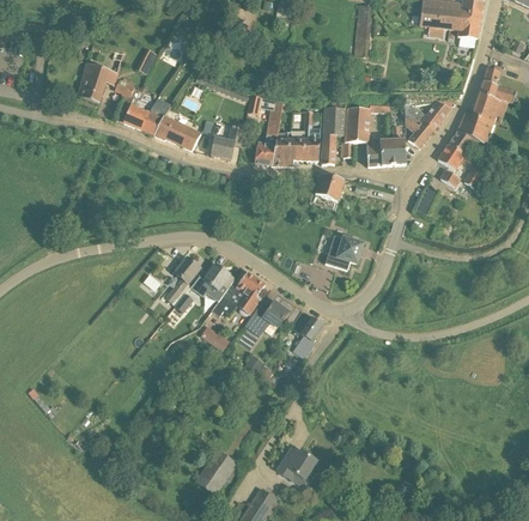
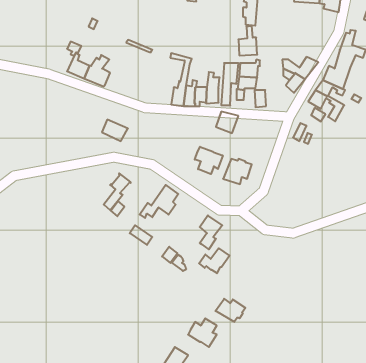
building: [79,49,124,103] -> none
building: [166,121,201,150] -> [102,120,128,141]
building: [211,125,244,158] -> none
building: [381,126,406,165] -> [238,26,257,55]
building: none -> [195,147,223,174]
building: [190,263,235,301] -> none
building: [248,301,288,334] -> [199,248,230,273]
building: none -> [215,299,245,322]
building: [195,448,237,493] -> none

